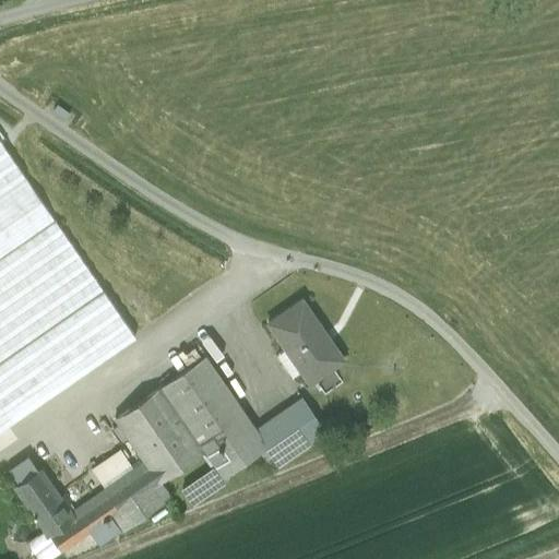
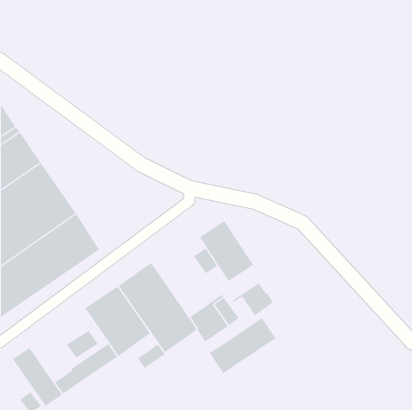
building: none -> [193,248,218,274]
building: none -> [232,283,274,316]
building: none -> [209,317,276,374]
building: [111,486,170,535] -> none

